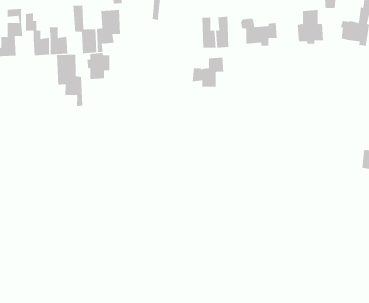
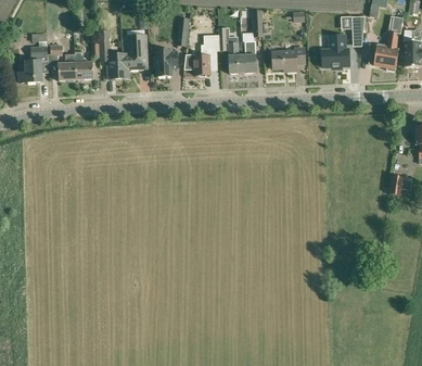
building: [86,53,110,80] -> [153,49,177,76]
building: [57,54,83,107] -> none
building: [192,57,224,87] -> [184,43,217,74]

